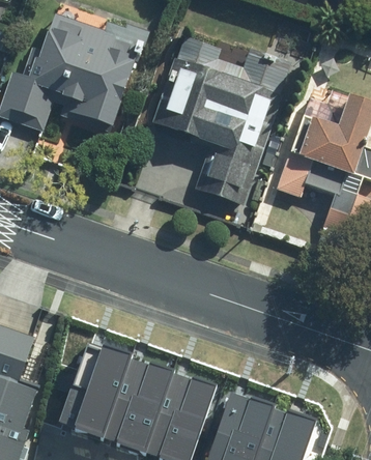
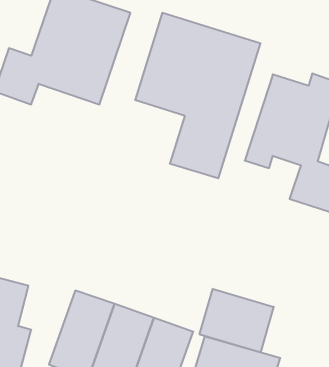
building: none -> [200,289,274,352]

